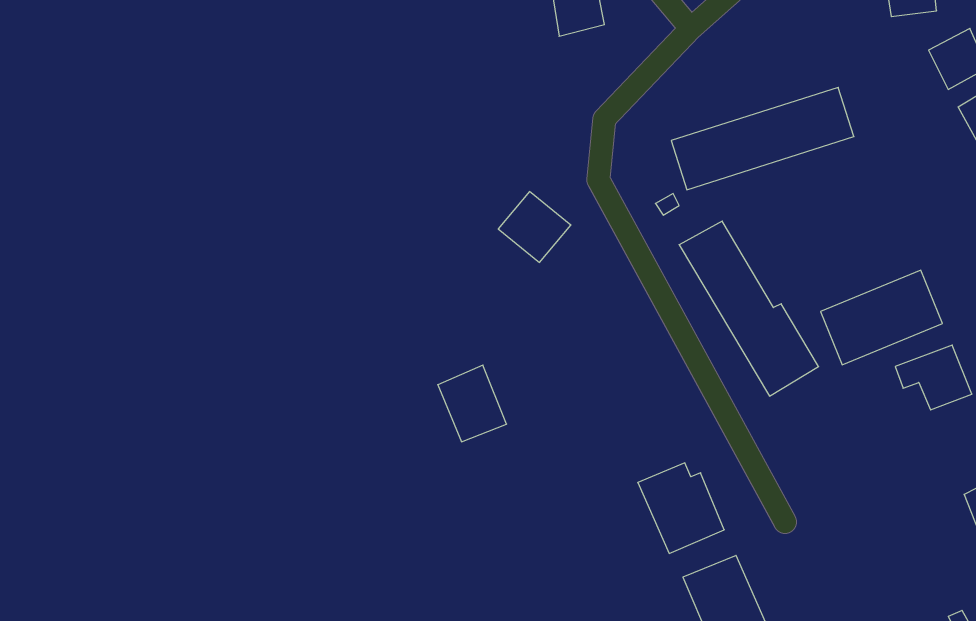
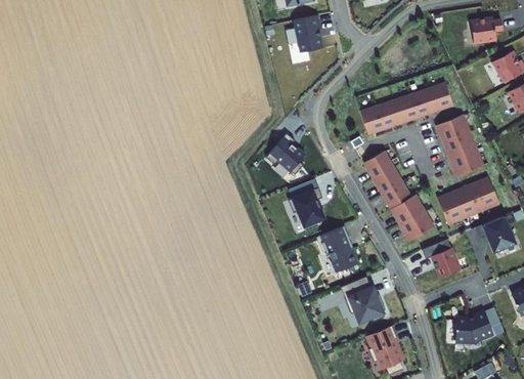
building: none -> [437,115,485,177]
building: none -> [320,225,360,272]
building: [438,365,507,442] -> [291,186,326,226]
building: none -> [424,238,461,278]
building: none -> [456,310,494,343]

